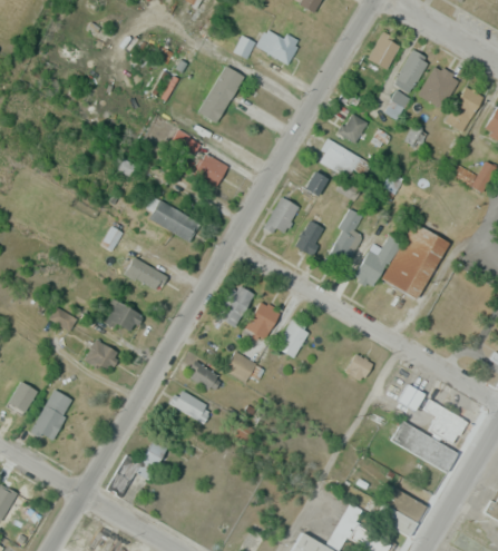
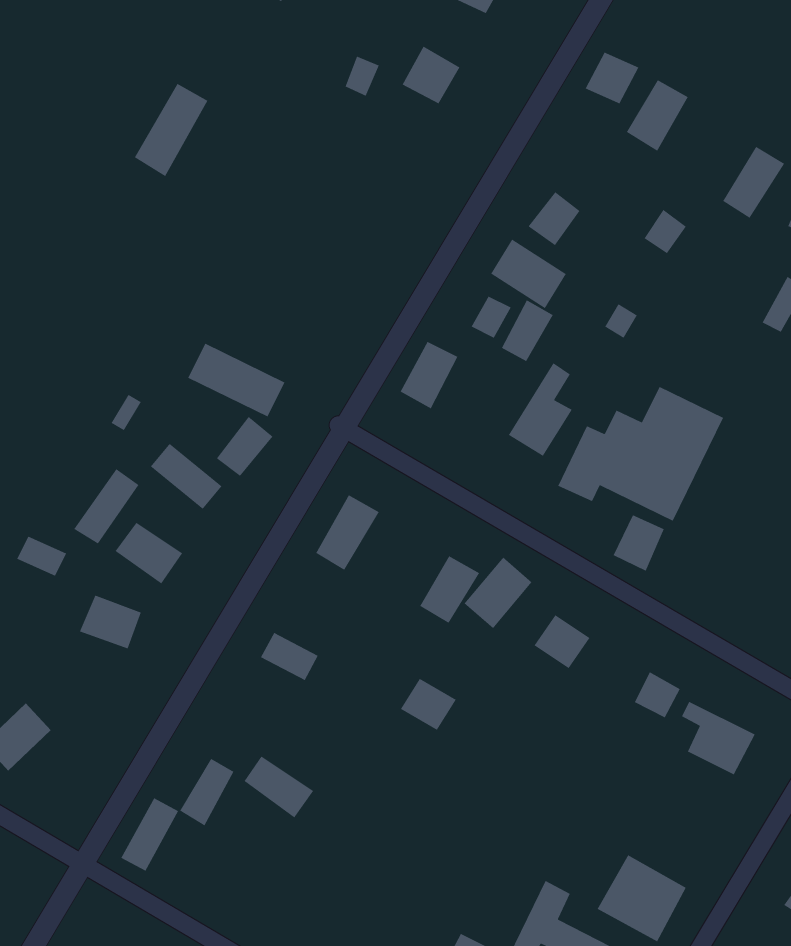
building: [417,66,458,108] -> none
building: [199,70,242,124] -> [134,83,209,177]
building: [382,89,409,121] -> none
building: [195,152,228,186] -> none
building: [294,219,324,255] -> [501,299,554,362]
building: none -> [216,416,273,477]
building: none -> [73,468,139,545]
building: none -> [613,514,665,572]
building: [242,302,281,343] -> [464,556,533,629]
building: [224,352,256,382] -> [400,678,457,731]
building: [172,388,212,424] -> [243,756,314,819]
building: [390,423,459,470] -> none

